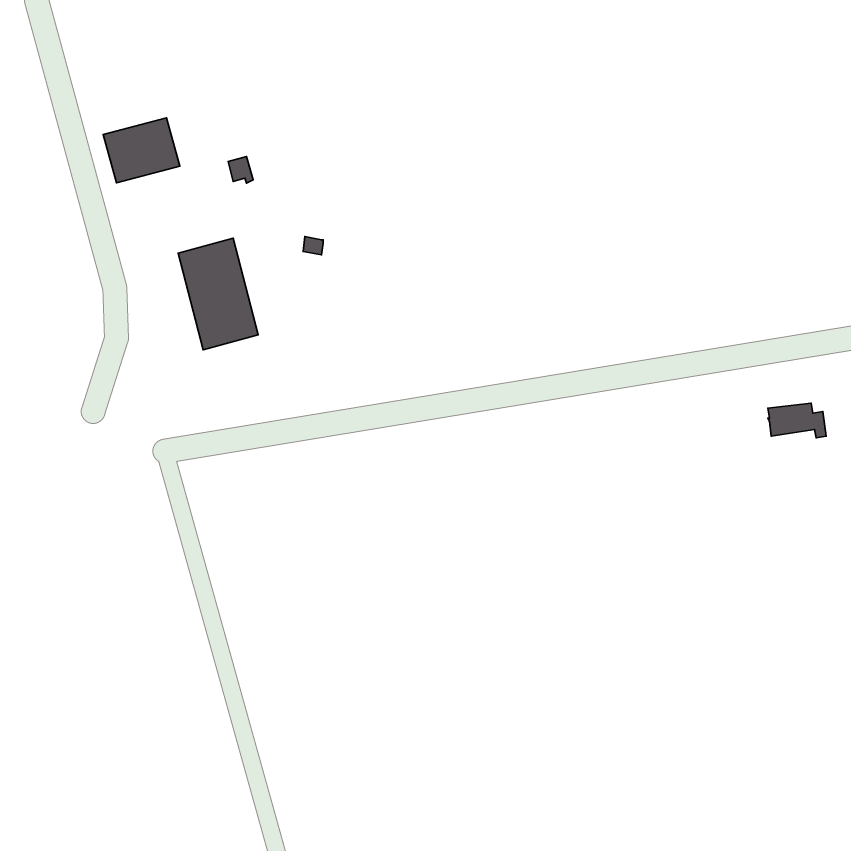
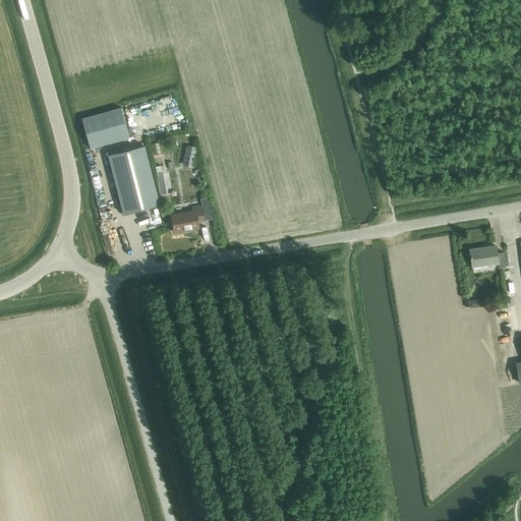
building: [103,118,180,183] -> [82,108,129,148]
building: none -> [172,206,205,232]

